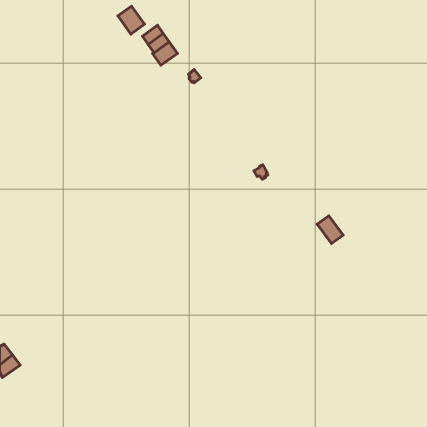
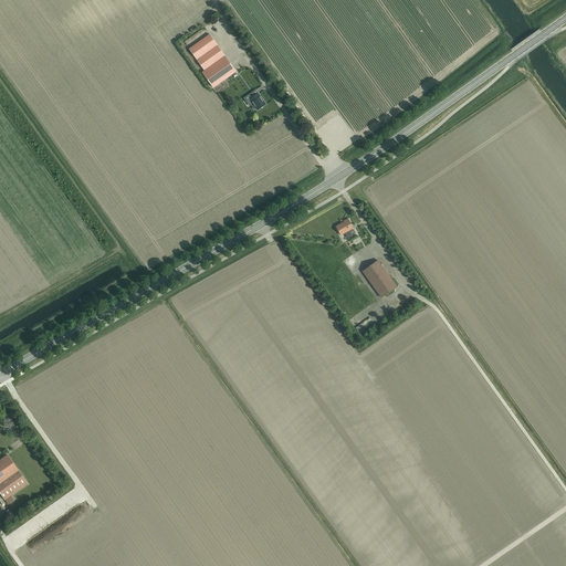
building: [118,6,145,34] -> none
building: [317,216,343,244] -> [361,260,396,296]

